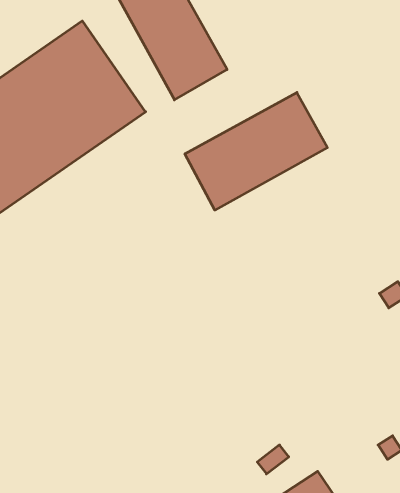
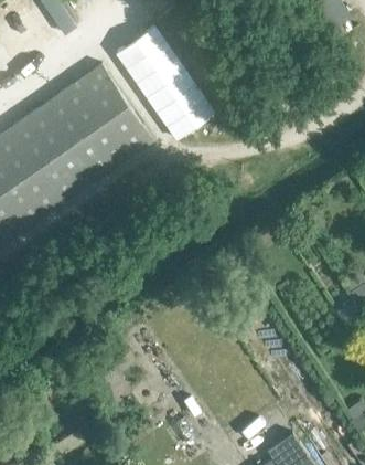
building: [185,92,327,210] -> none

